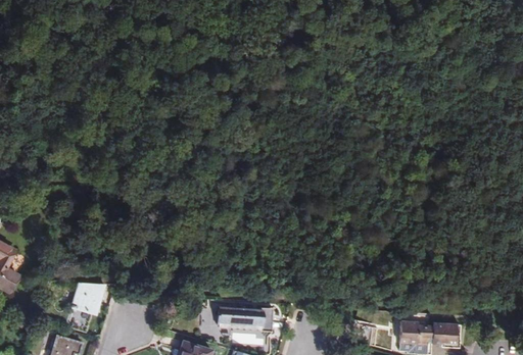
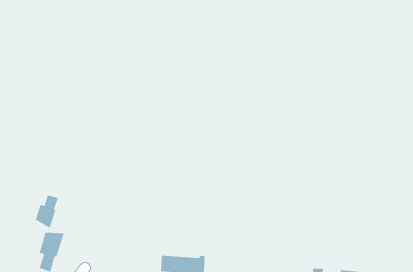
building: none -> [35,194,58,229]

